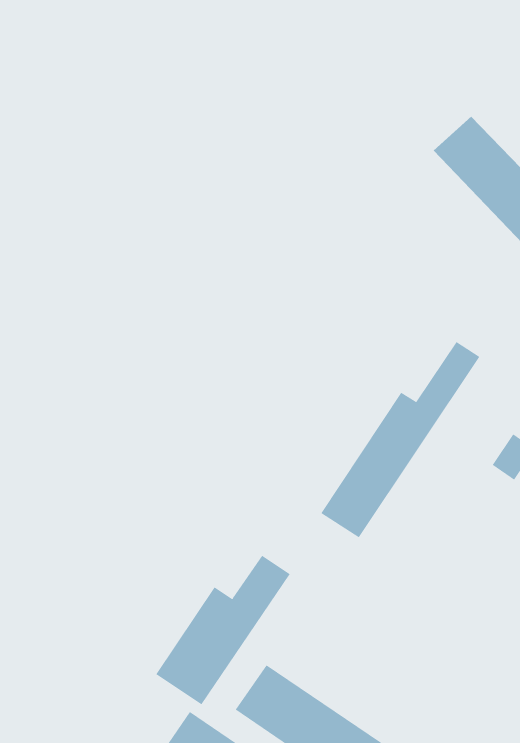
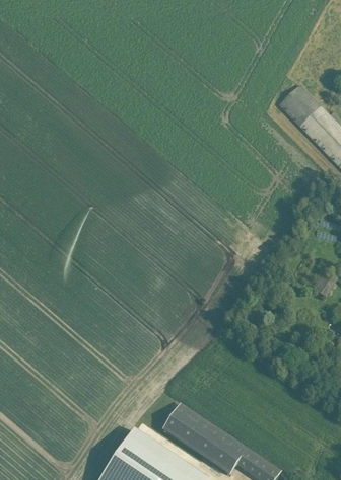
building: [320,341,480,538] -> none
building: [155,555,290,705] -> none

